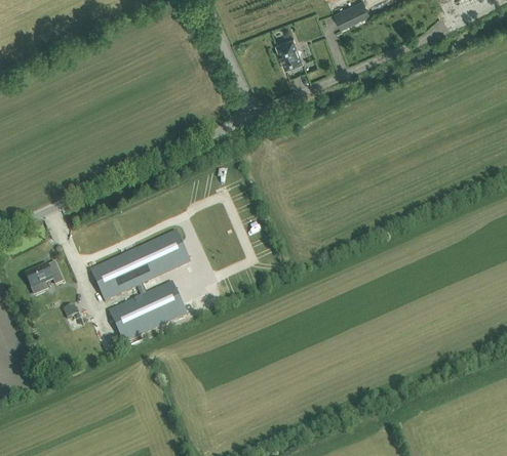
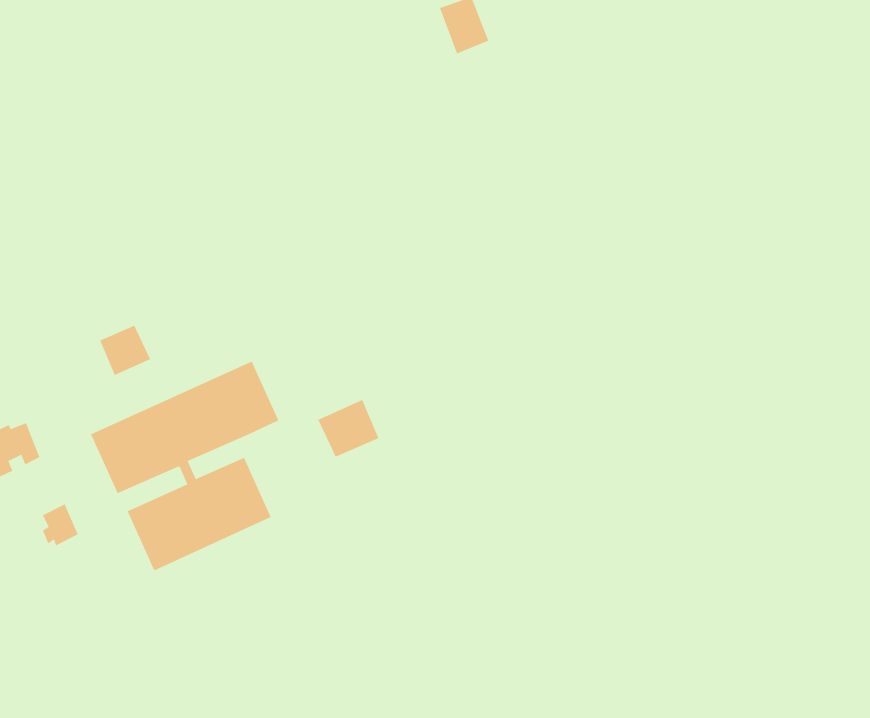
building: none -> [99,325,151,376]
building: none -> [318,399,379,457]

